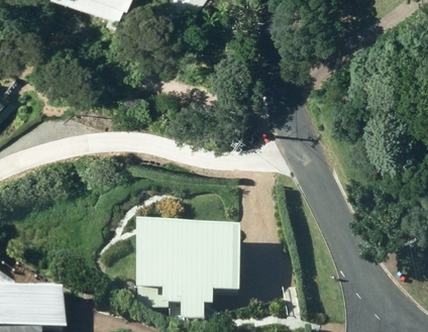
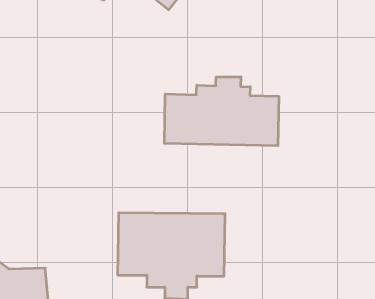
building: none -> [164,77,279,146]

